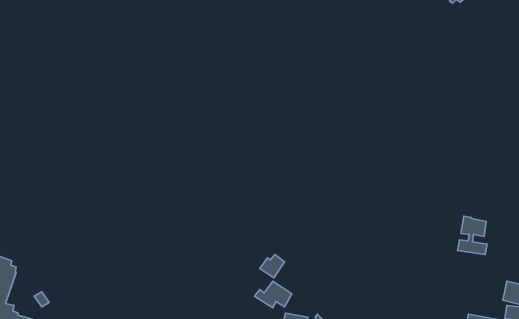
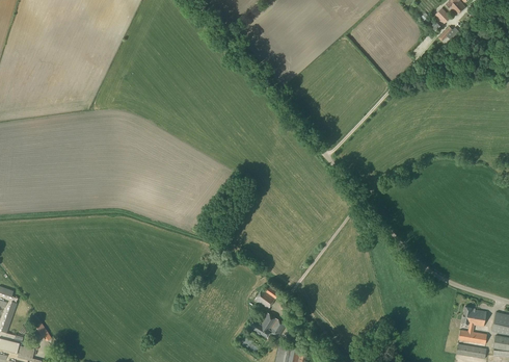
building: [458,216,487,255] -> [458,307,487,344]

